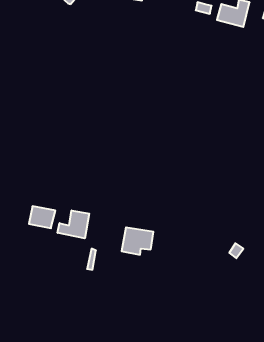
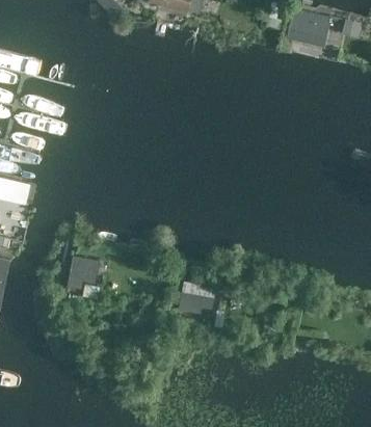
building: [58,210,89,238] -> none

